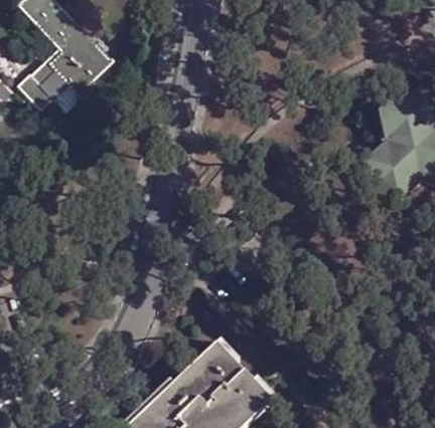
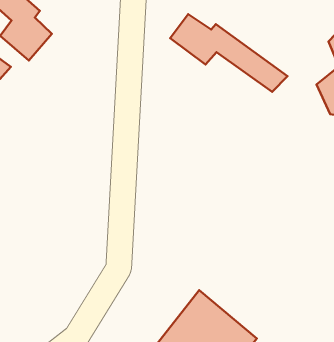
building: none -> [170,14,287,92]

